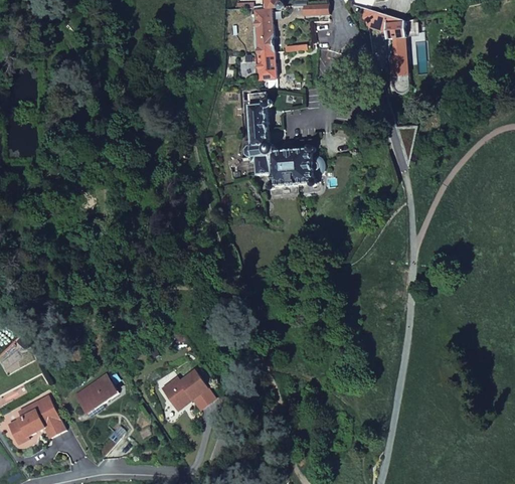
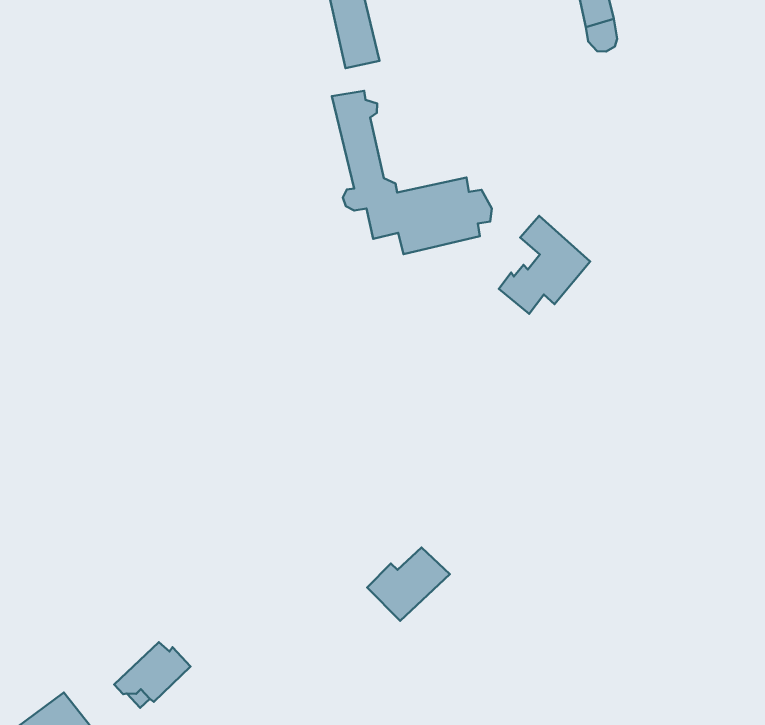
building: none -> [499,216,590,314]
building: [162,370,208,409] -> [367,547,450,621]

